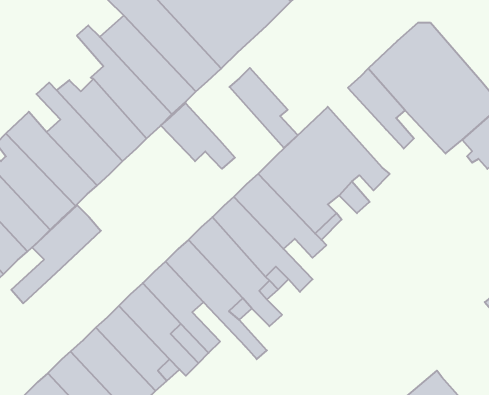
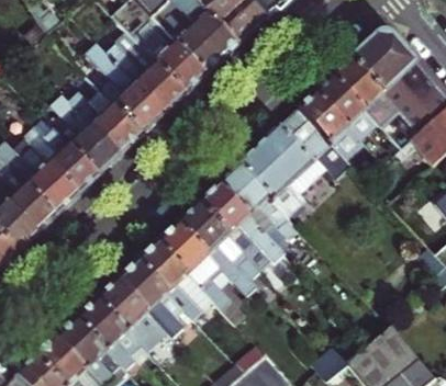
building: [229,68,298,148] -> [298,91,357,160]
building: [161,103,235,169] -> none
building: [11,205,101,303] -> none

